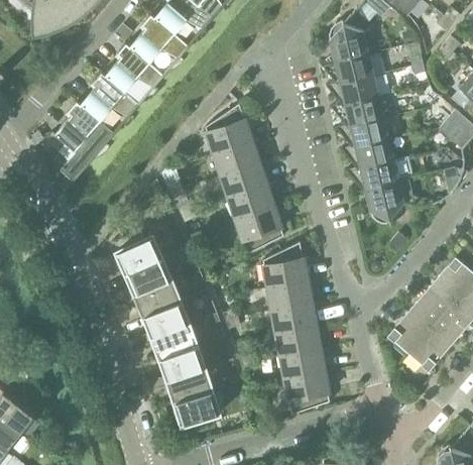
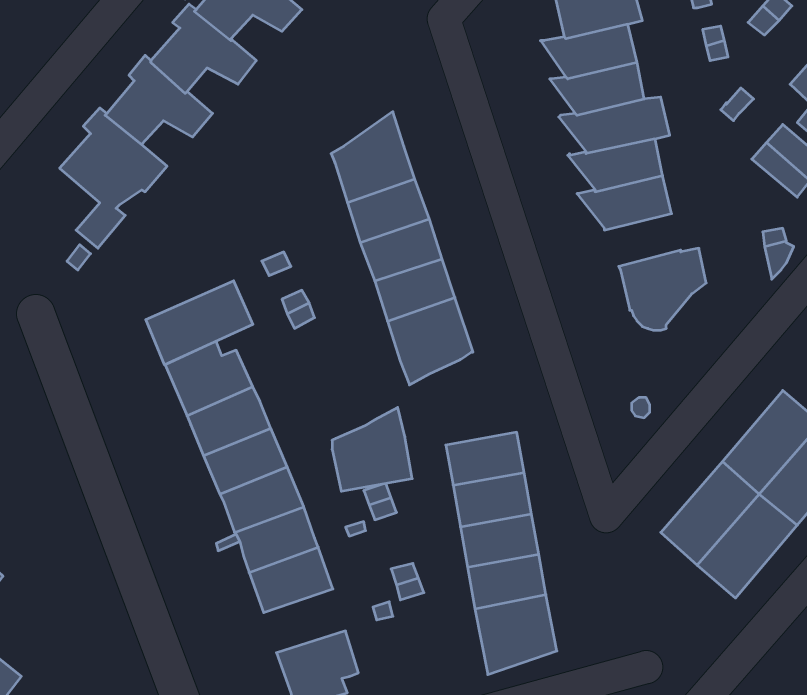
building: [346,159,398,192] -> none
building: none -> [146,281,253,365]
building: [263,241,308,287] -> [332,407,412,491]
building: [167,367,213,402] -> none

